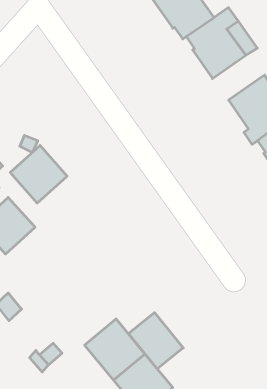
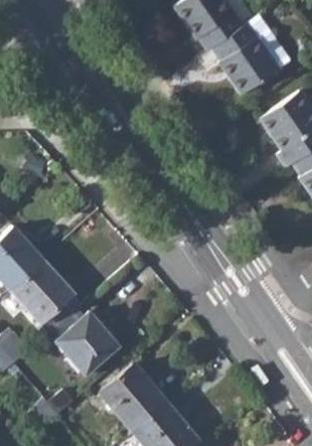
building: [10,145,67,203] -> [11,261,74,325]
building: none -> [55,312,120,376]
building: [128,313,183,369] -> none

